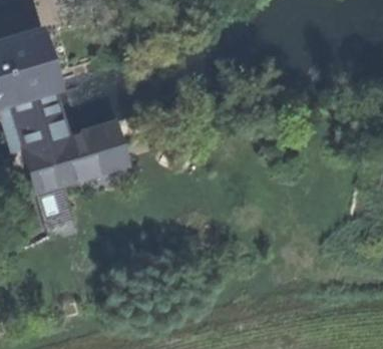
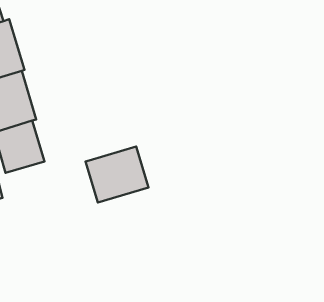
building: [63,123,129,183] -> [85,146,149,203]

